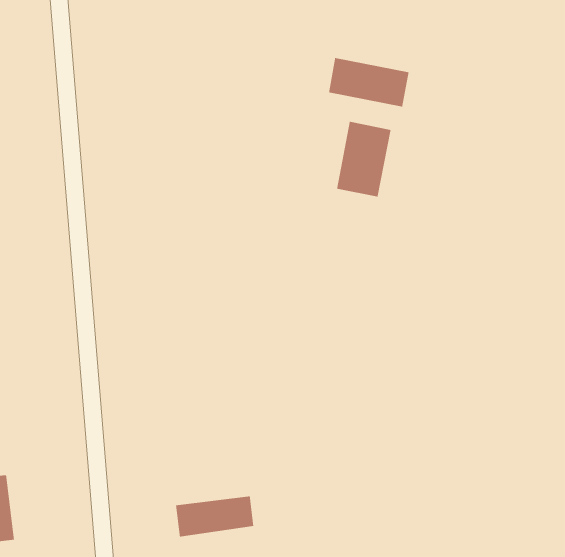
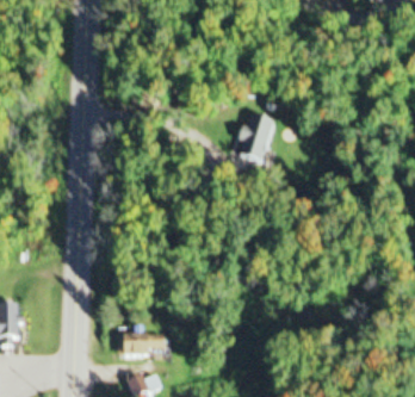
building: [328,57,409,107] -> none

